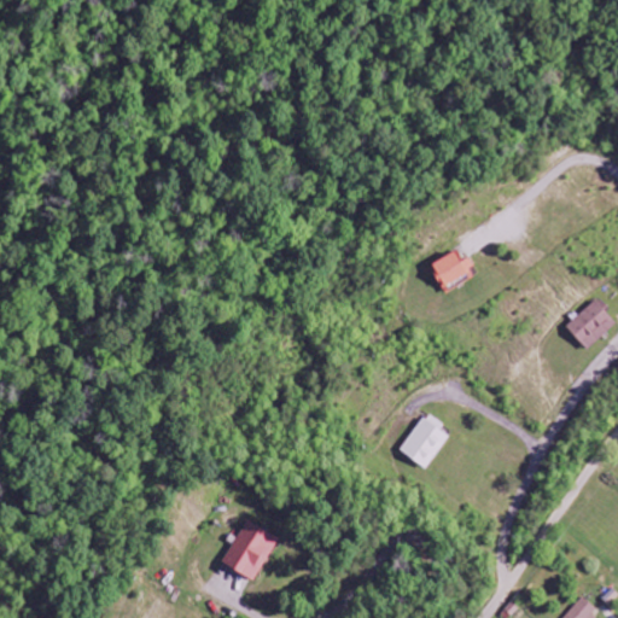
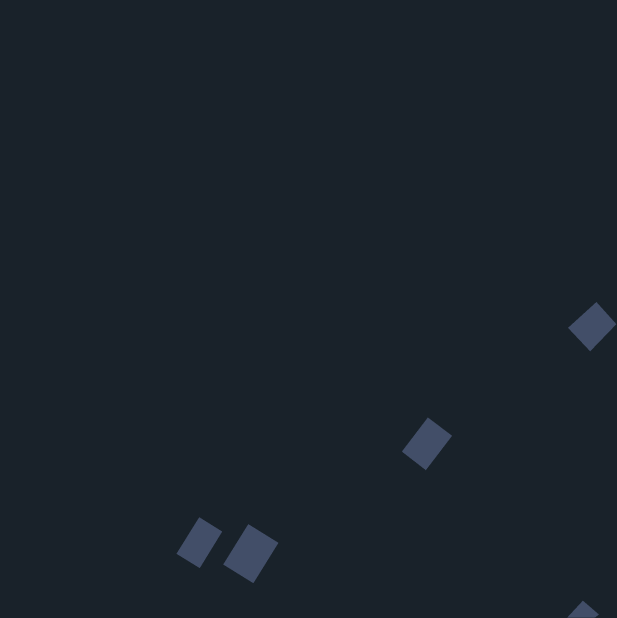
building: [430,250,470,288] -> none
building: none -> [176,516,223,569]

